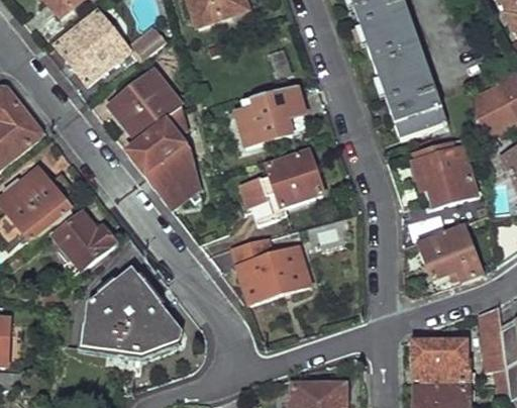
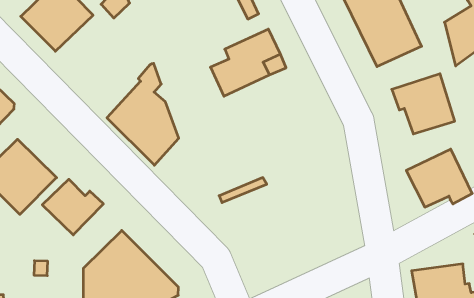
building: [108,72,181,142] -> none
building: [241,150,324,221] -> none
building: [236,244,311,300] -> none

